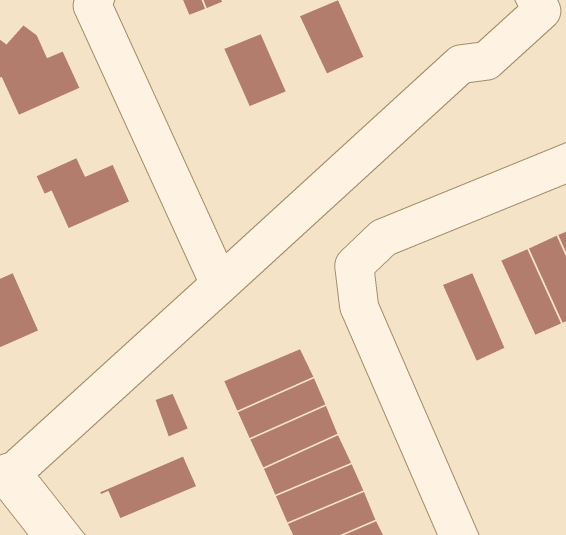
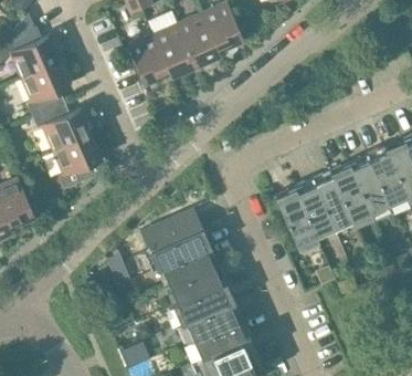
building: none -> [177,14,219,63]
building: none -> [128,35,169,84]
building: none -> [21,61,72,117]
building: none -> [53,134,104,190]
building: none -> [313,171,352,228]
building: none -> [275,187,315,250]
building: [99,456,197,519] -> [139,208,202,249]

